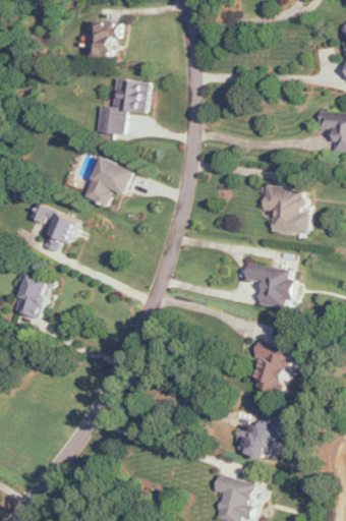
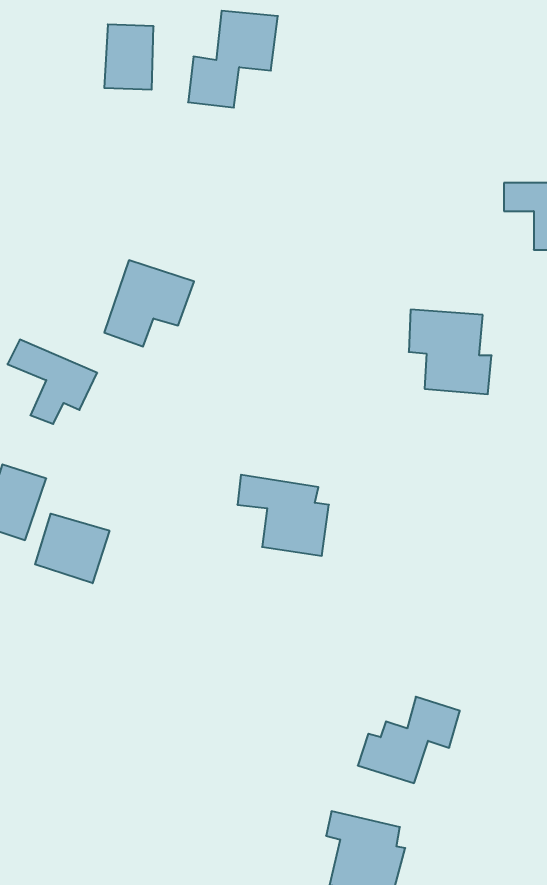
building: [96,78,148,134] -> [188,11,278,108]
building: [243,263,296,309] -> [237,475,329,556]
building: none -> [35,514,109,583]
building: [251,340,291,390] -> none

